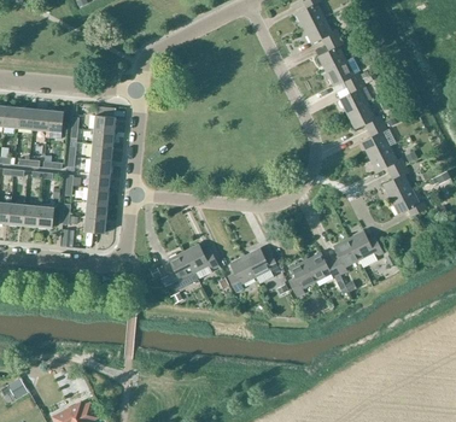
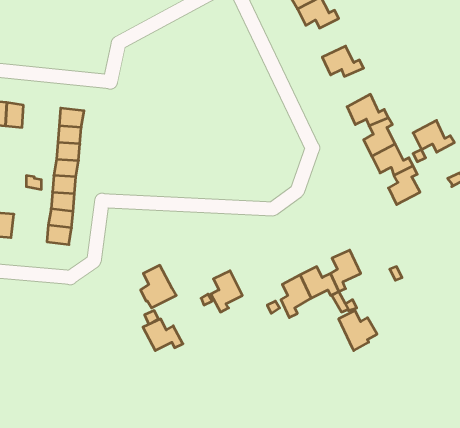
building: [315,36,345,70] -> none
building: [337,80,367,113] -> none
building: [390,188,426,216] -> [413,120,454,152]
building: [349,231,382,266] -> [339,311,377,351]
building: [182,245,217,272] -> [143,319,183,351]
building: [244,250,279,283] -> none

